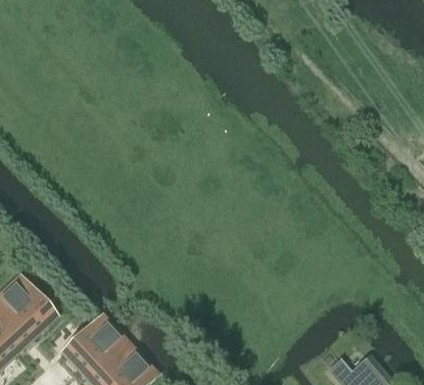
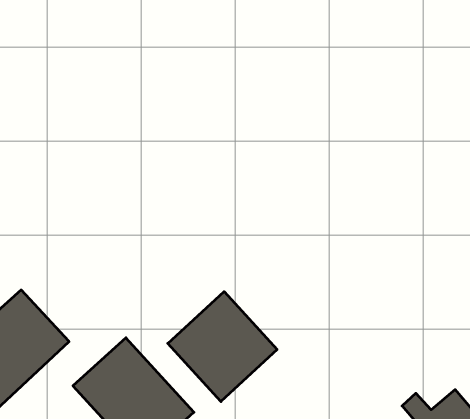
building: none -> [168,292,277,402]

